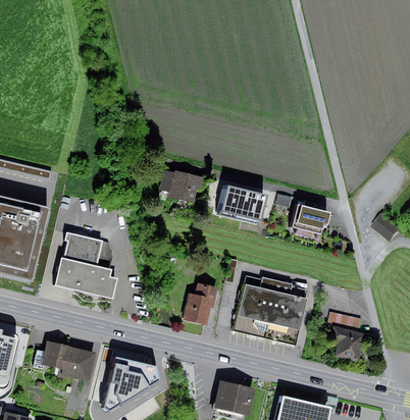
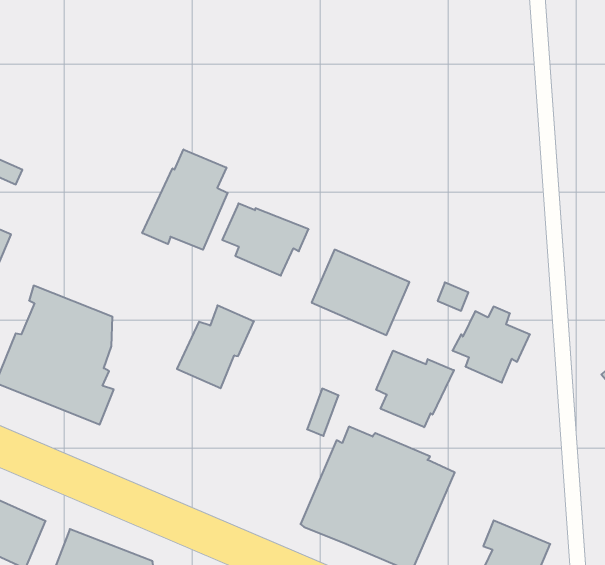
building: none -> [142,149,228,250]
building: none -> [376,351,454,427]
building: [177,283,213,326] -> [177,305,254,388]

